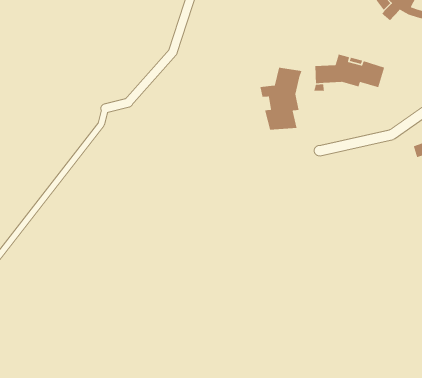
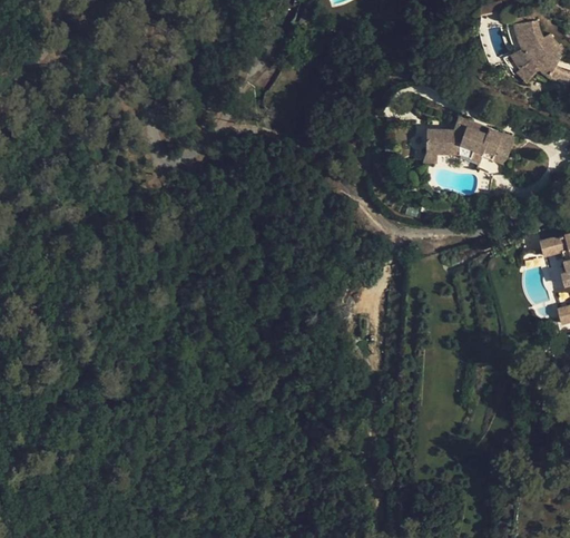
building: [260,67,302,131] -> none

